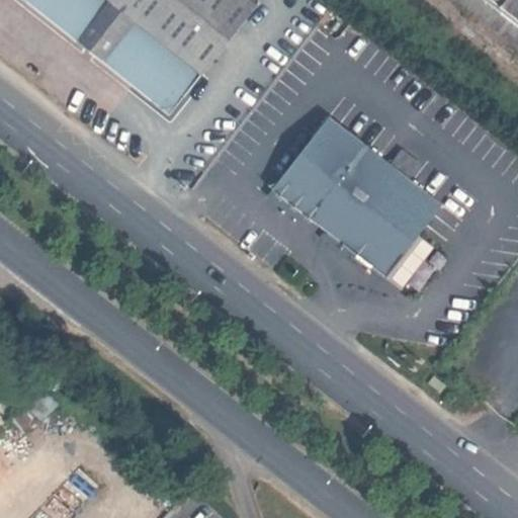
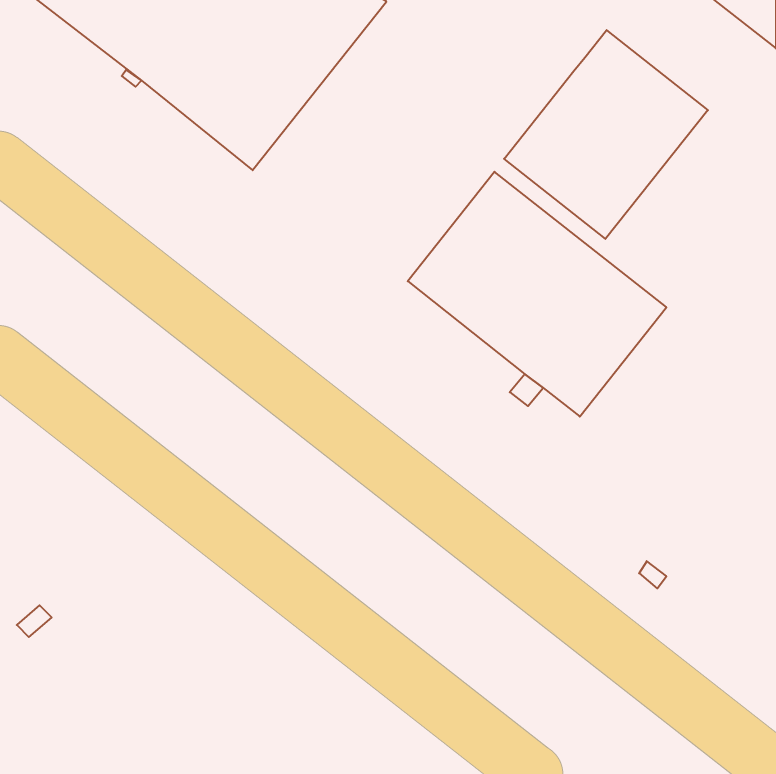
building: none -> [504,30,708,239]

